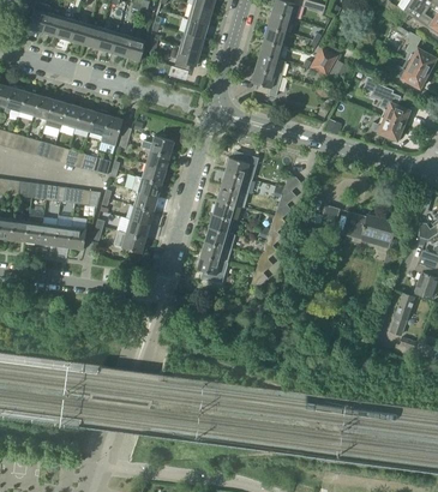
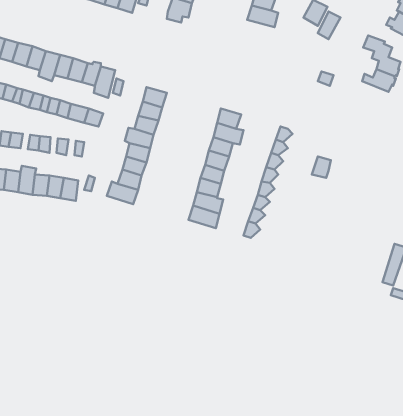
building: [251,68,282,96] -> none
building: [342,211,396,248] -> none

